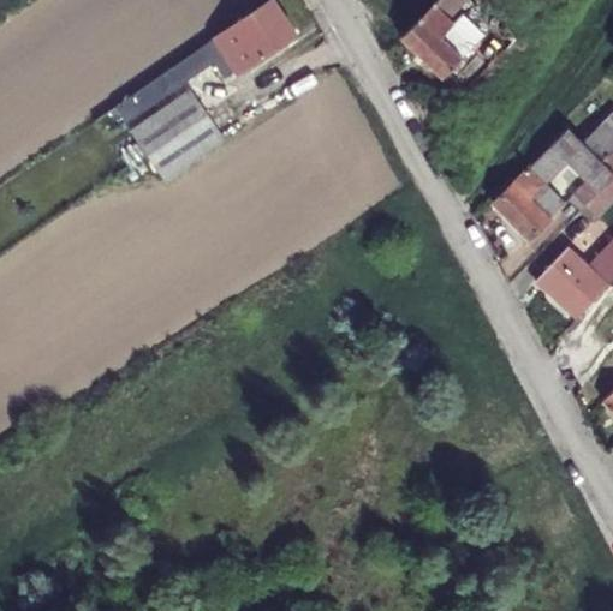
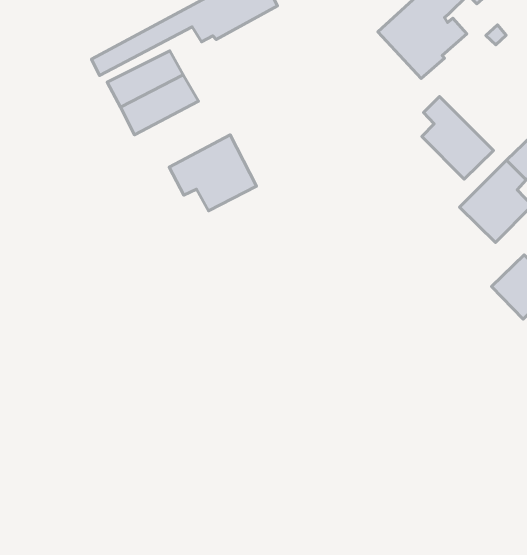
building: none -> [422,96,494,179]
building: none -> [169,135,256,211]

